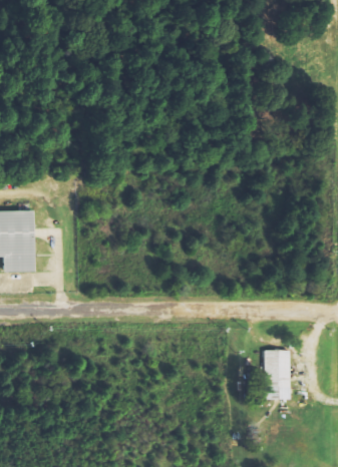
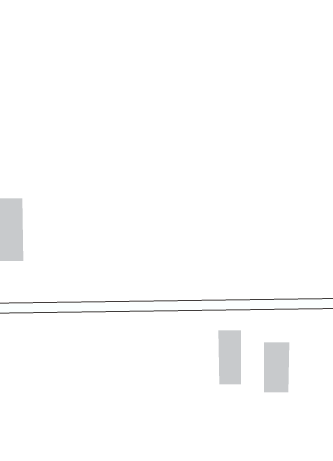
building: none -> [218,329,242,385]

